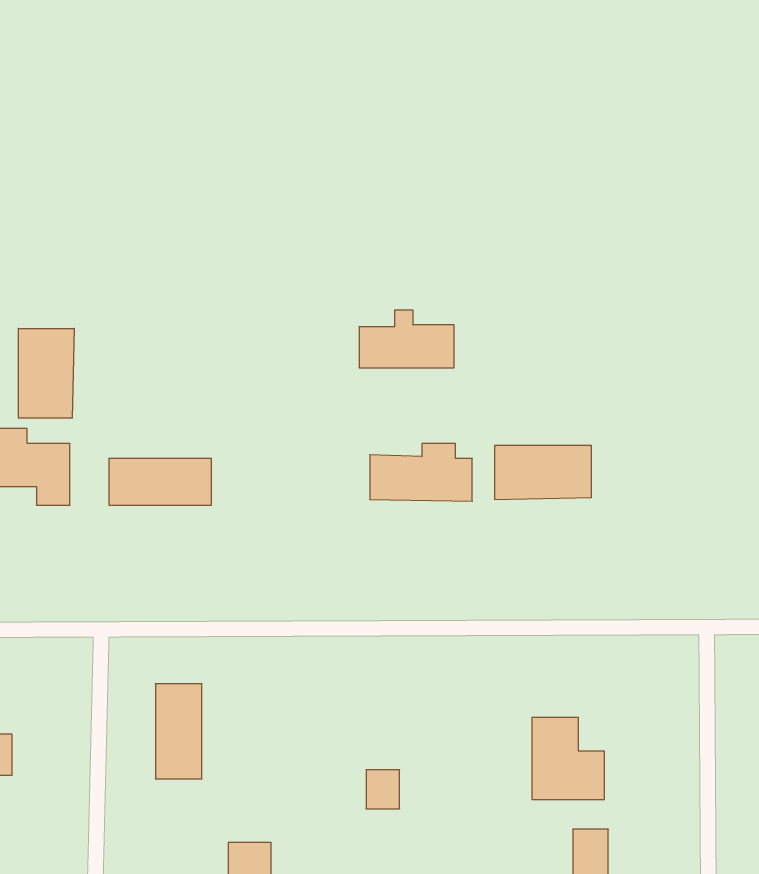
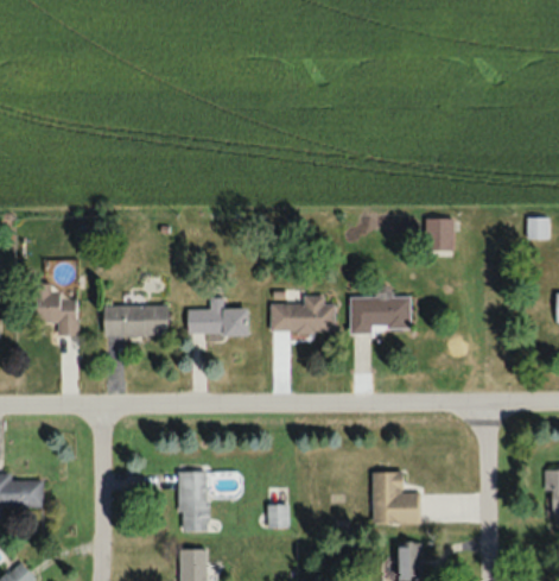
building: [359,310,454,368] -> [188,298,248,335]
building: none -> [425,219,452,254]
building: [18,328,74,418] -> none
building: [155,684,202,779] -> [178,471,208,531]

